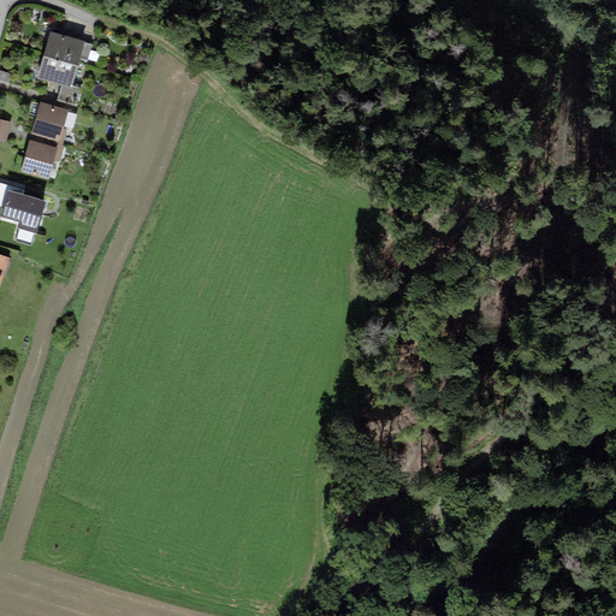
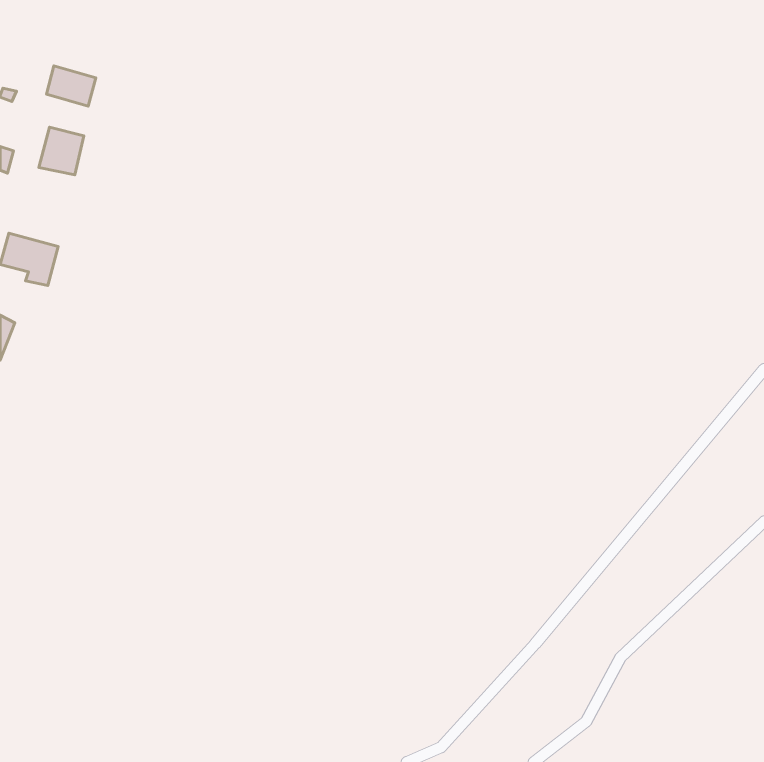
building: [43,31,83,63] -> none
building: [20,140,57,178] -> none

